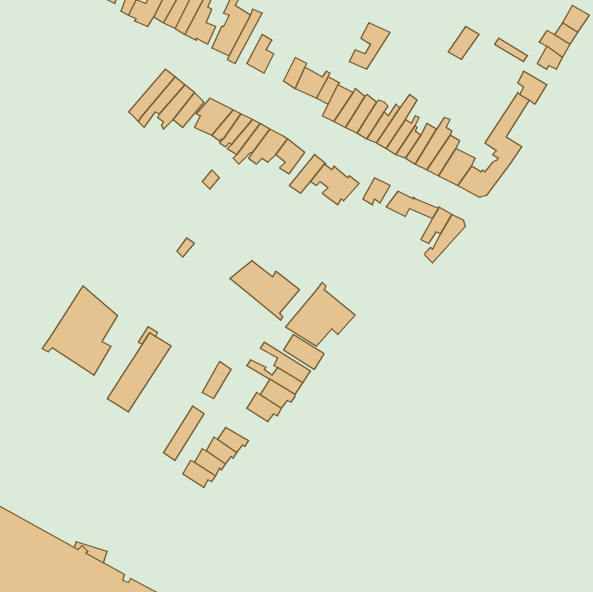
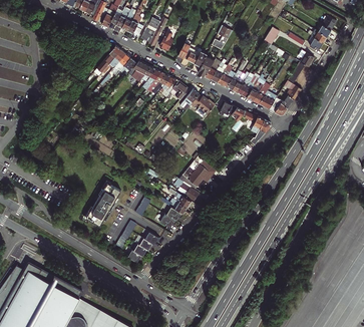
building: [230,260,299,320] -> none
building: [42,286,117,375] -> none

